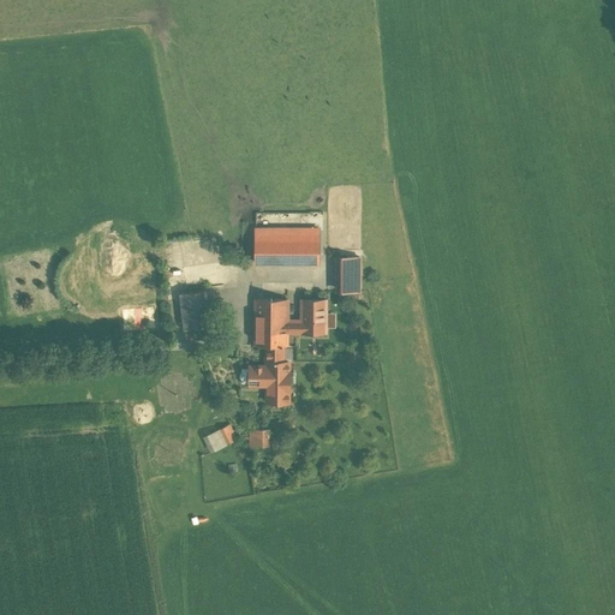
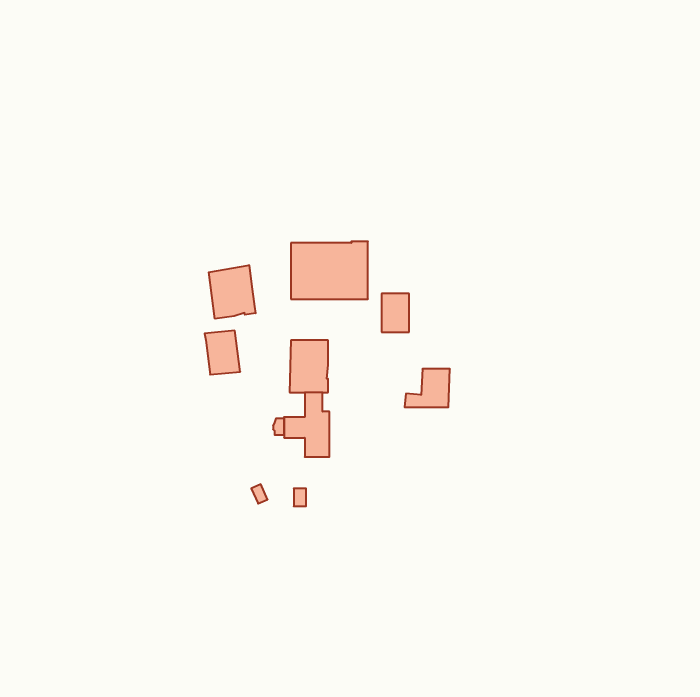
building: none -> [209,265,256,319]
building: [286,301,326,335] -> [405,369,450,407]

